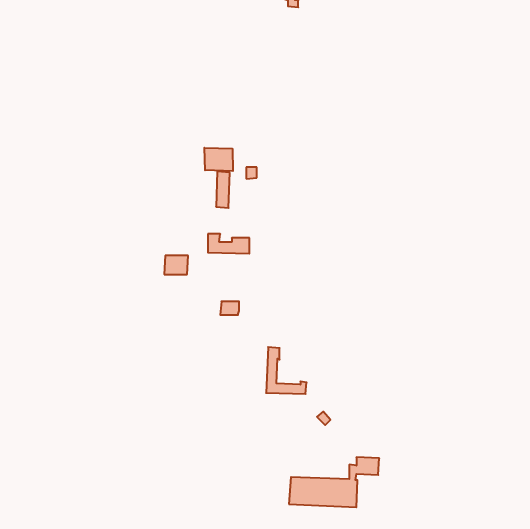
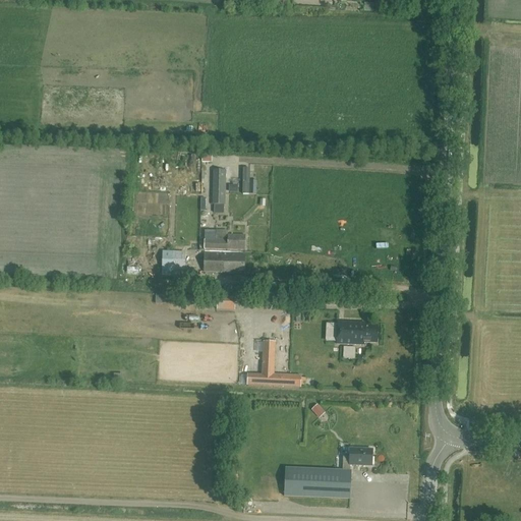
building: [204,148,233,171] -> none
building: none -> [202,251,244,272]
building: none -> [336,320,377,344]

